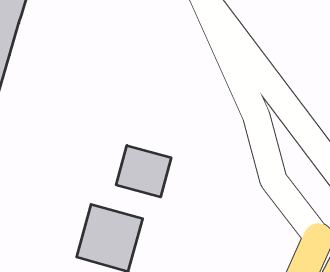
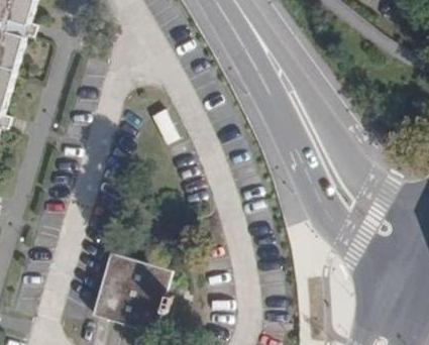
building: [116,145,171,197] -> none

